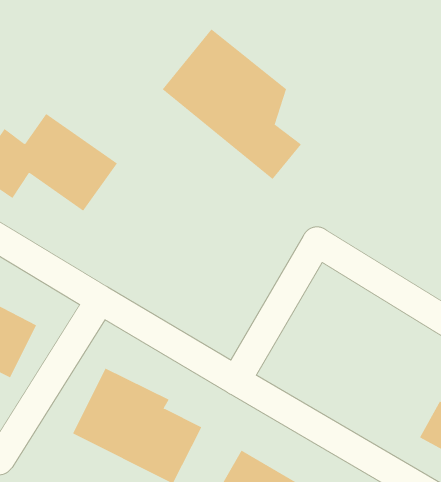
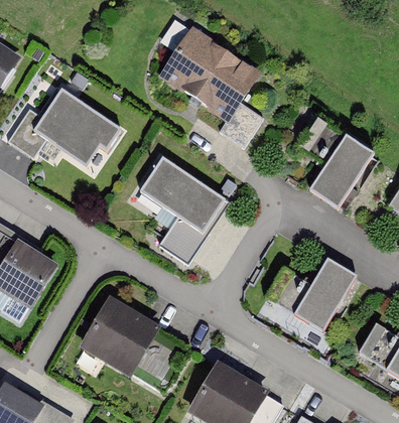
building: none -> [298,123,372,208]
building: none -> [140,160,230,264]
building: none -> [265,257,357,326]

